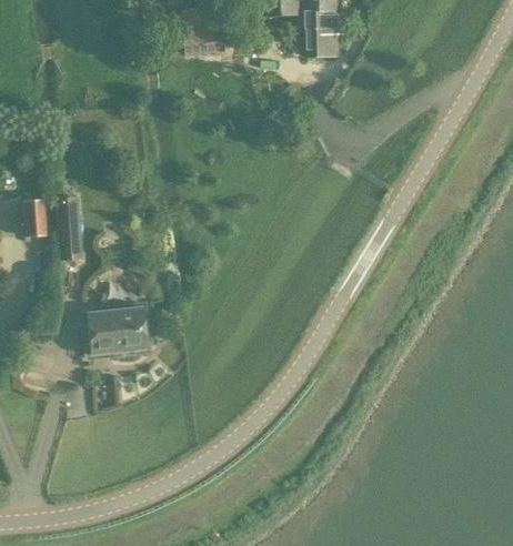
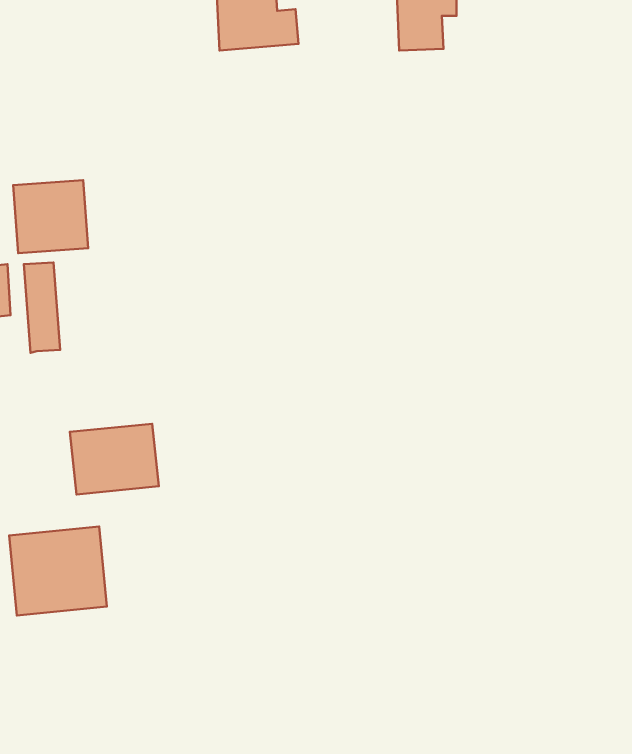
building: none -> [13,180,88,253]
building: none -> [9,527,107,615]

